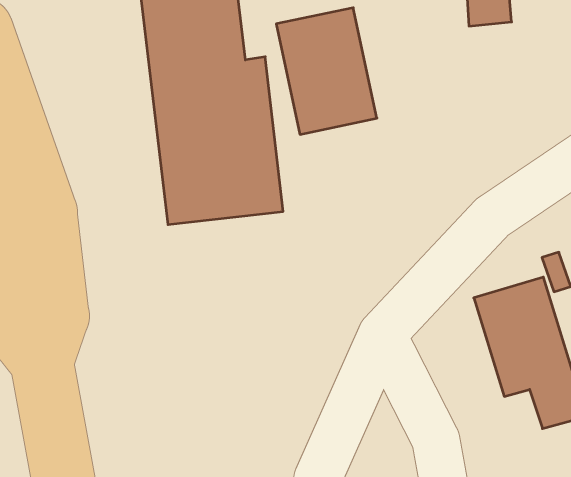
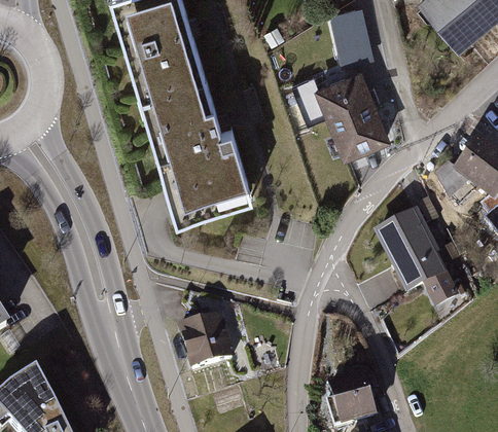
building: [276,8,377,134] -> [318,68,392,154]
building: none -> [179,314,238,370]

